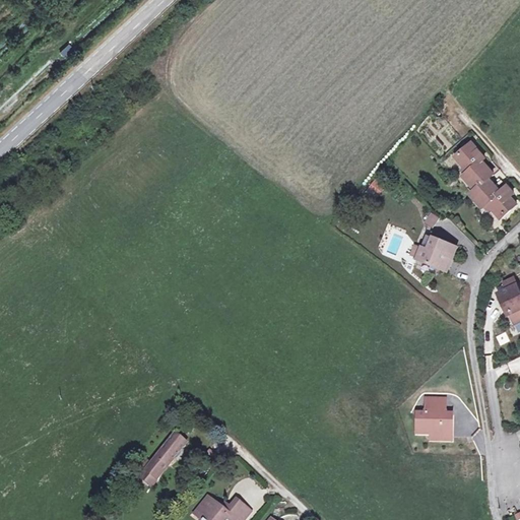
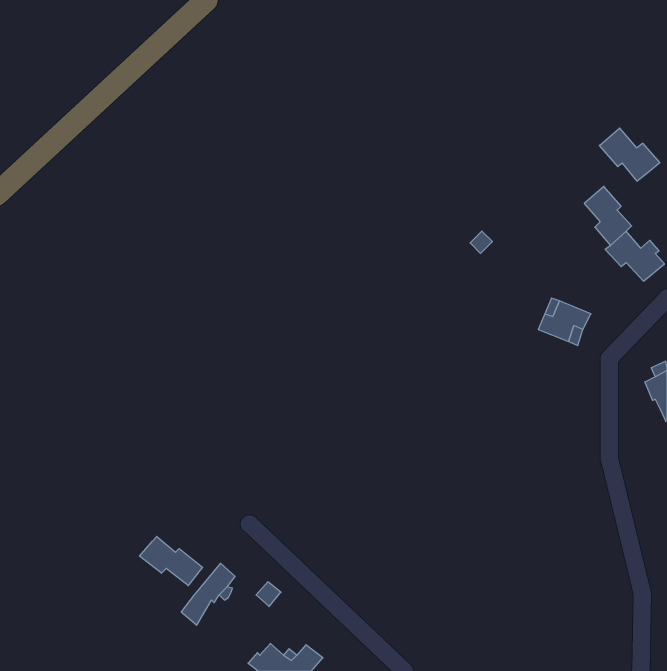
building: none -> [599,128,660,181]
building: [415,399,451,441] -> none
building: none -> [140,536,203,586]

